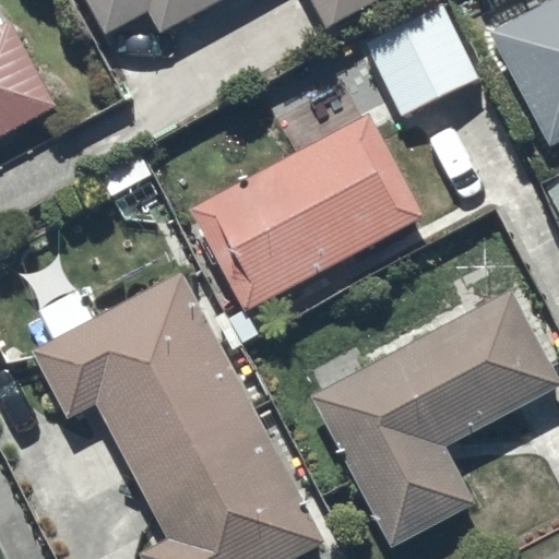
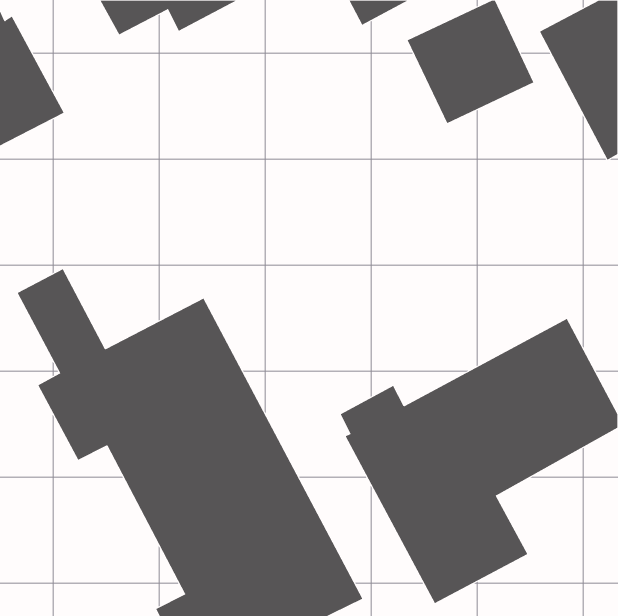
building: [192,114,425,312] -> none

